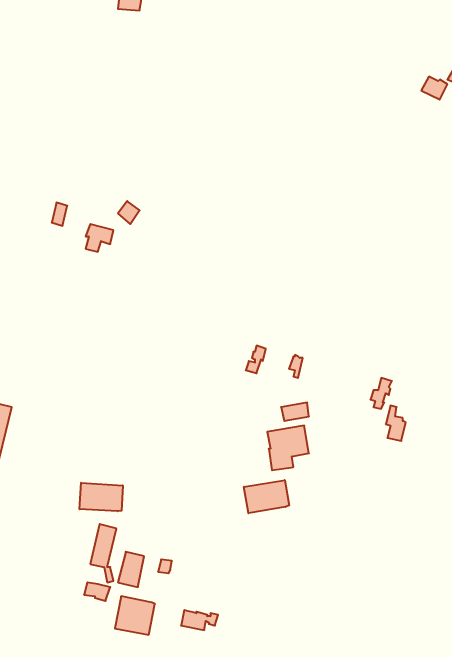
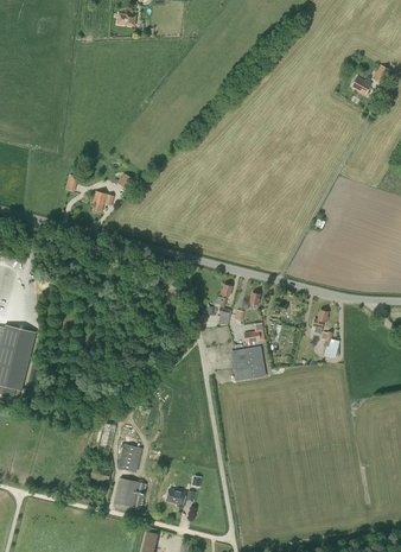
building: [244,480,289,513] -> none
building: [80,483,123,511] -> none

